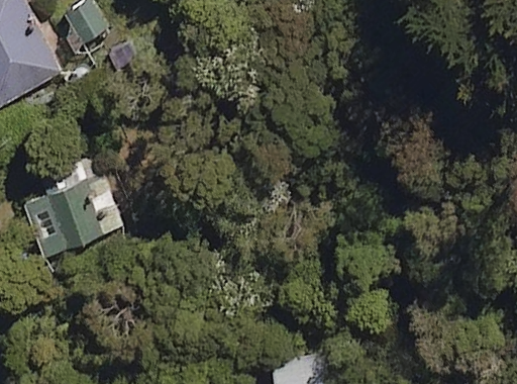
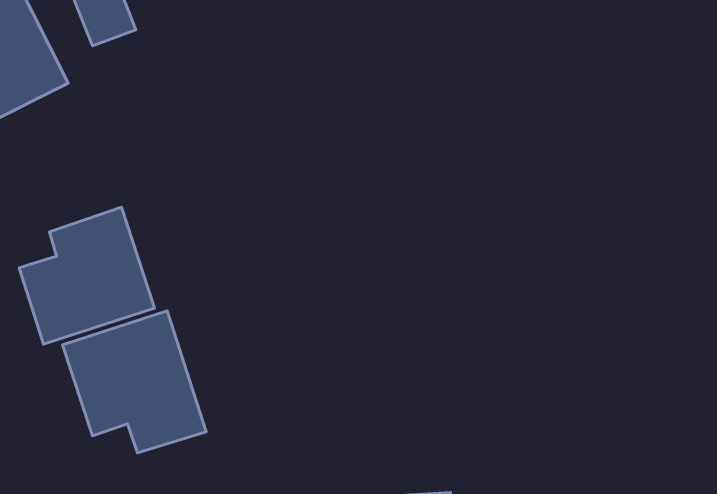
building: none -> [63,311,206,453]

